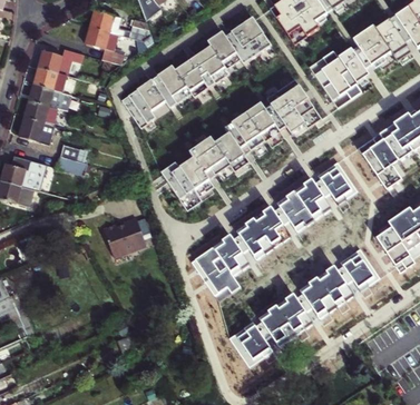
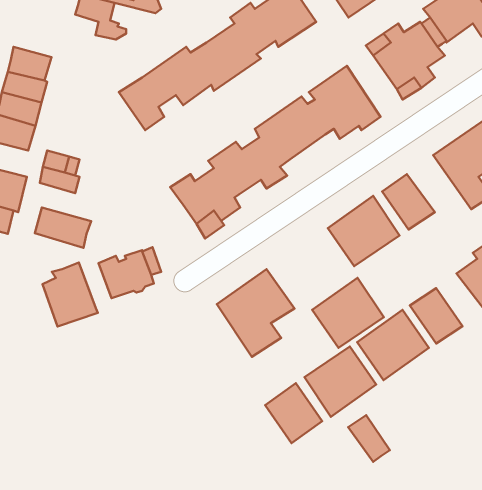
building: [38,46,81,72] -> none
building: none -> [35,208,91,248]
building: [237,206,292,259] -> [312,278,384,348]
building: none -> [43,263,98,327]
building: none -> [348,415,390,462]

